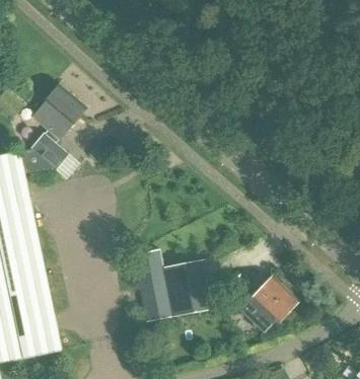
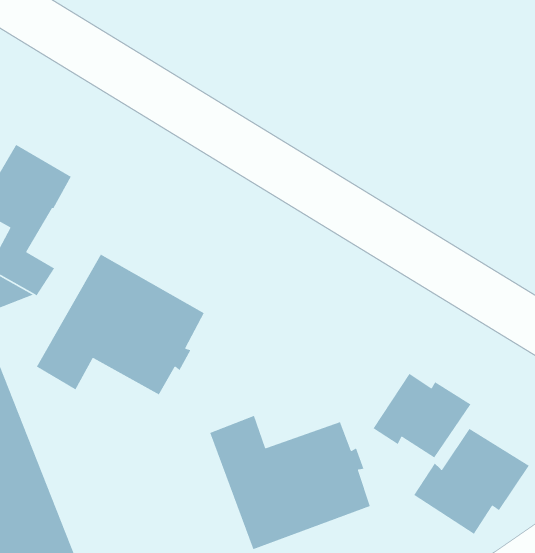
building: none -> [36,254,205,395]
building: none -> [373,373,471,458]

